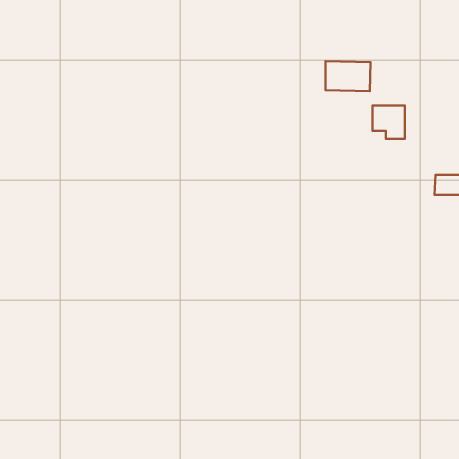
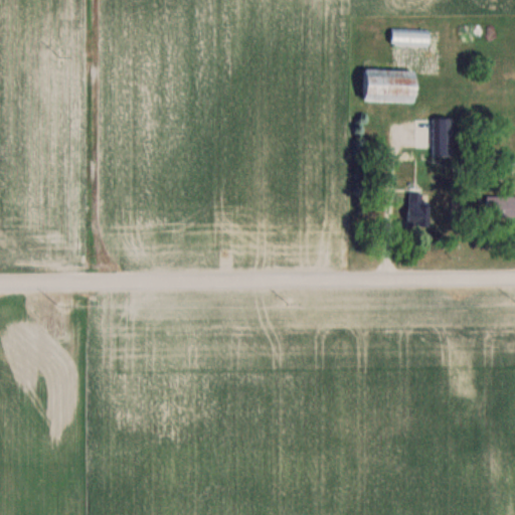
building: none -> [392,30,430,46]
building: none -> [409,193,430,228]

